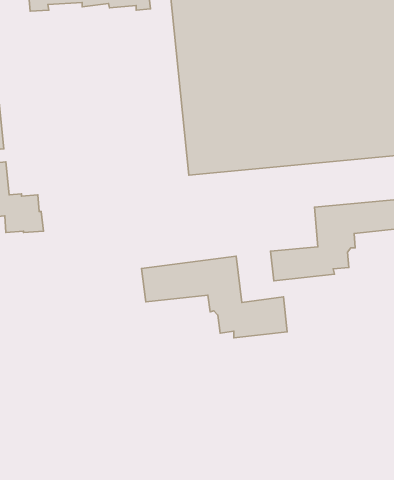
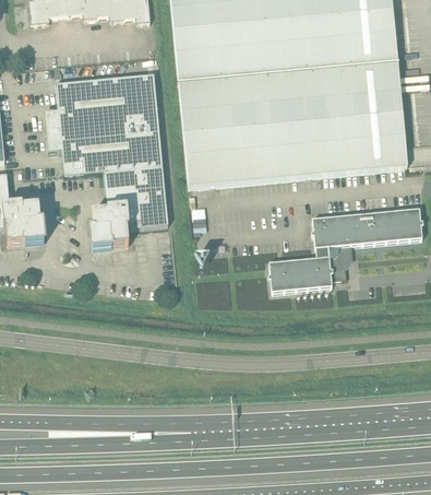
building: none -> [56,74,169,250]
building: [142,256,287,338] -> none

